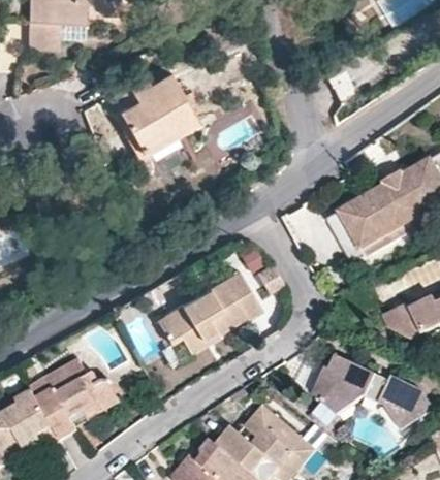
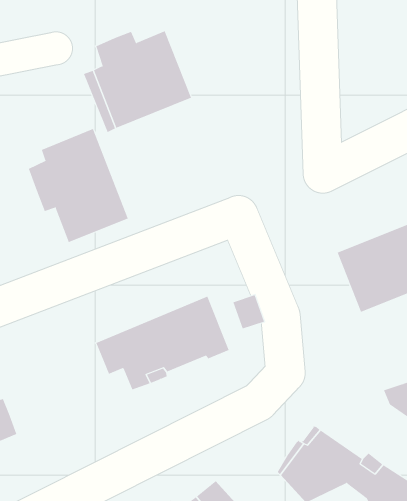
building: none -> [28,128,128,243]

